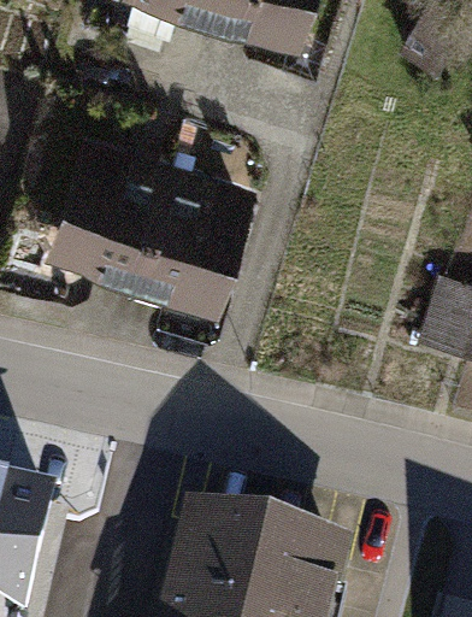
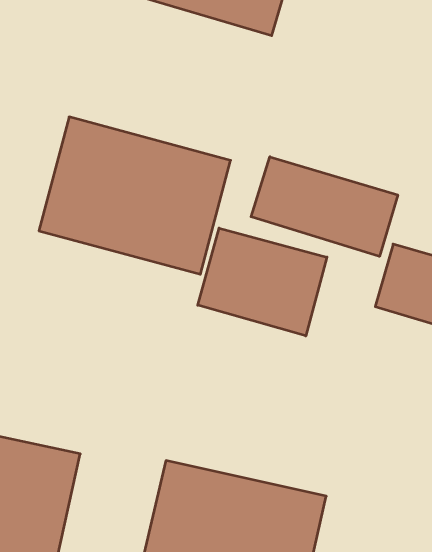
building: none -> [251,157,398,256]
building: none -> [198,228,327,336]

